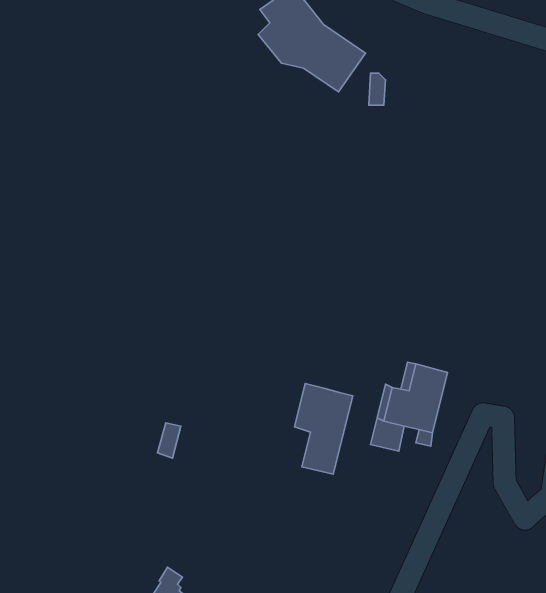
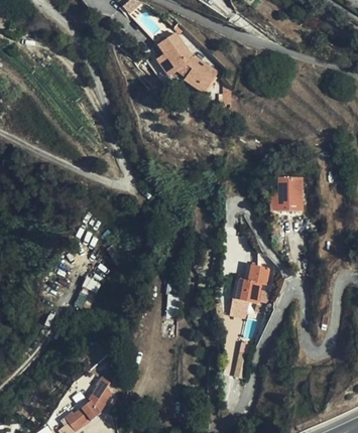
building: none -> [275,172,301,206]
building: [294,384,353,474] -> none

